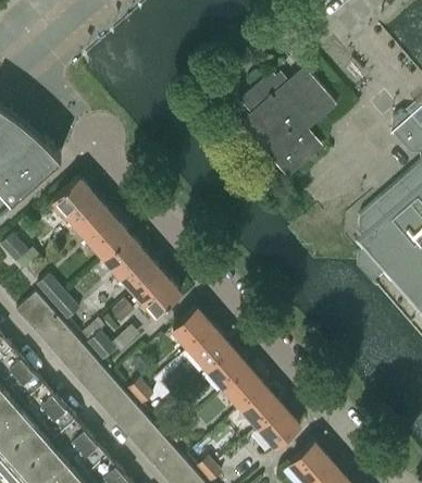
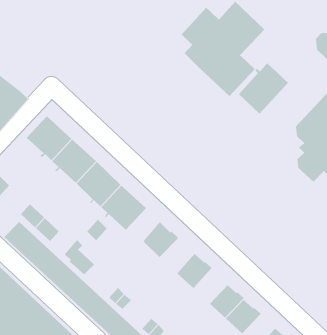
building: none -> [238,63,289,114]
building: [190,333,232,372] -> none
building: [225,371,265,410] -> none

